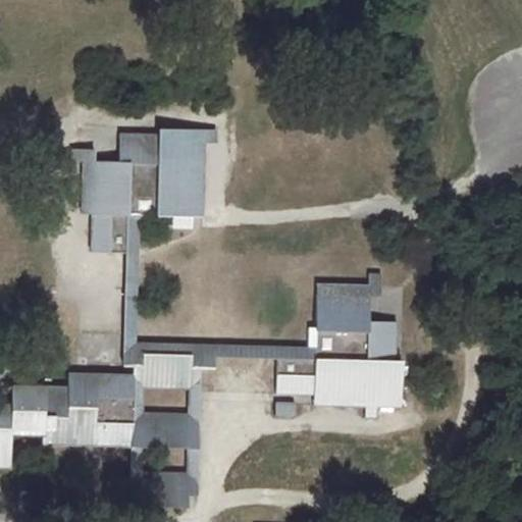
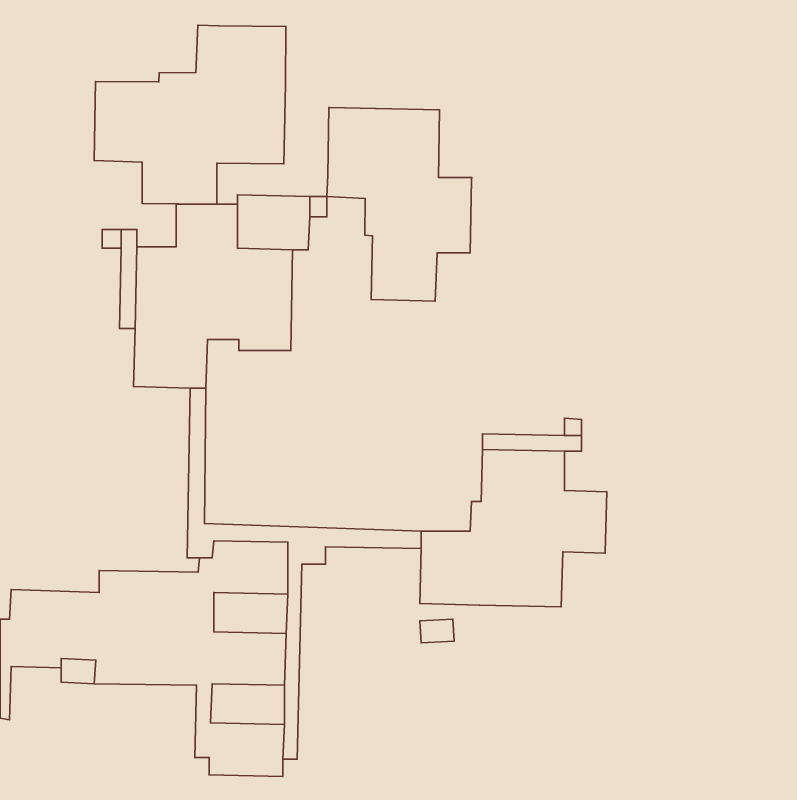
building: none -> [94,25,286,204]
building: none -> [327,108,472,301]
building: [315,360,403,407] -> none

